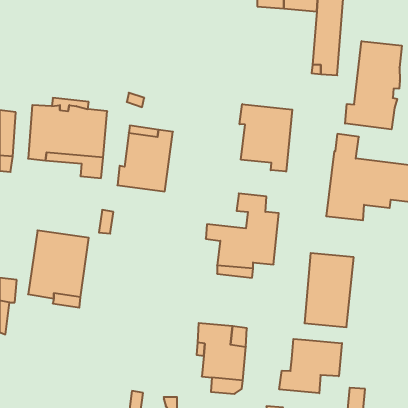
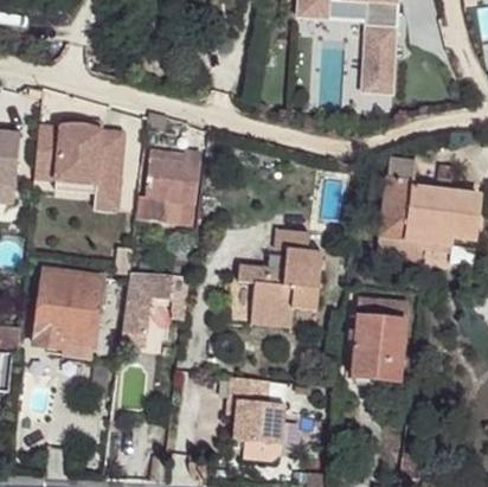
building: [345,41,402,129] -> none
building: [240,104,292,172] -> none
building: none -> [121,274,188,347]
building: [279,339,342,393] -> none

